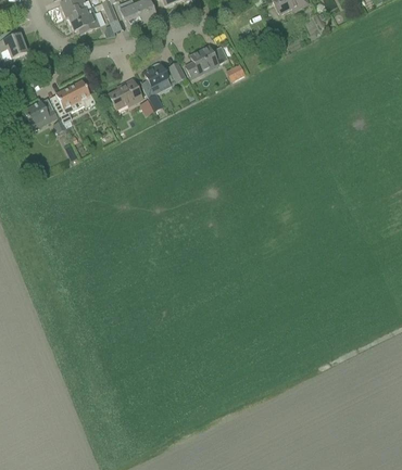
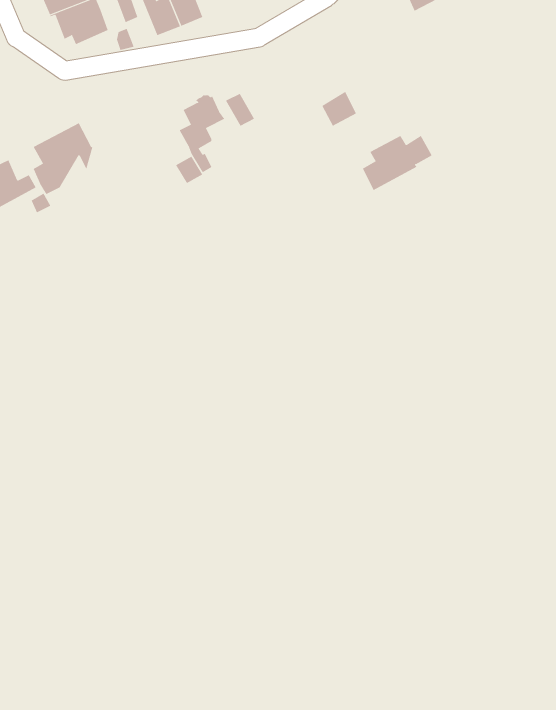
building: [186,45,227,77] -> [362,135,432,191]
building: [109,77,142,107] -> none

